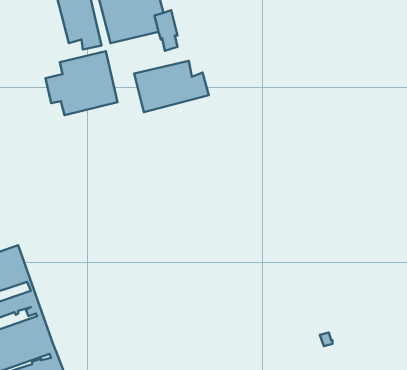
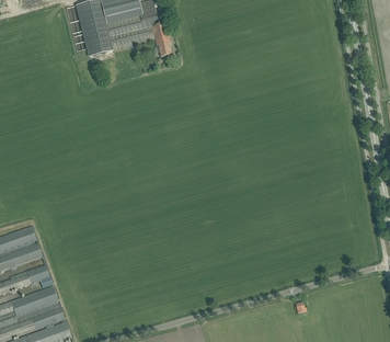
building: [46,51,117,115] -> none
building: [134,61,209,112] -> none

